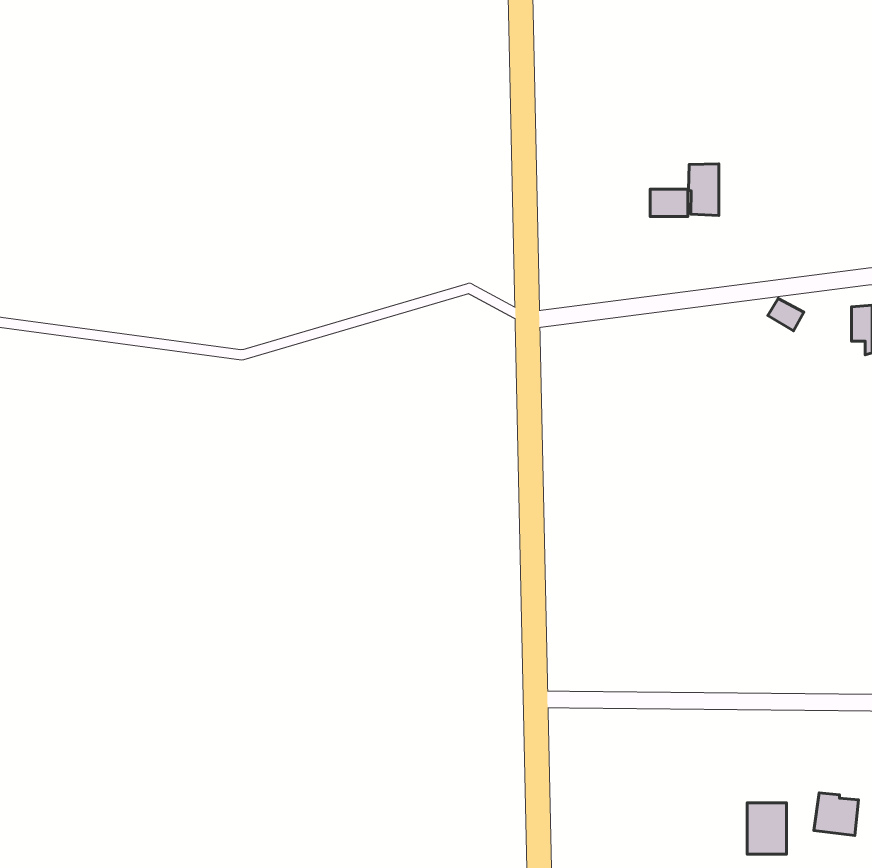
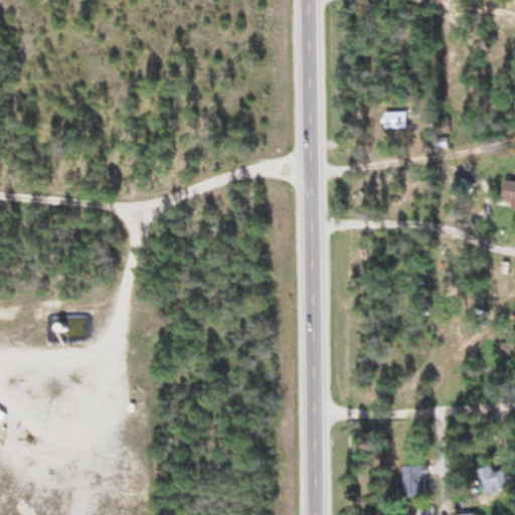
building: [689,164,719,216] -> none
building: [747,803,786,854] -> [403,466,426,496]

